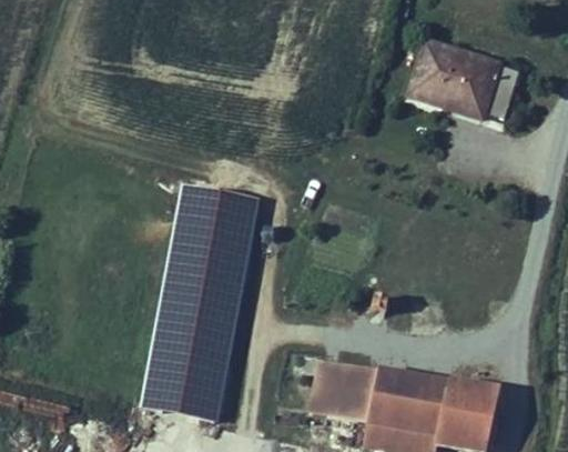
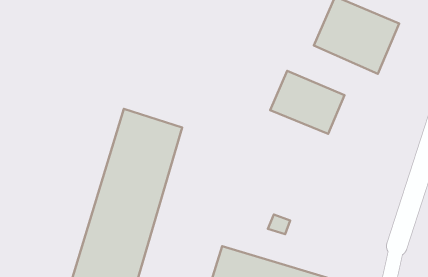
building: none -> [270,71,344,134]

